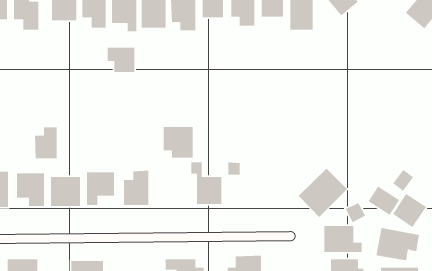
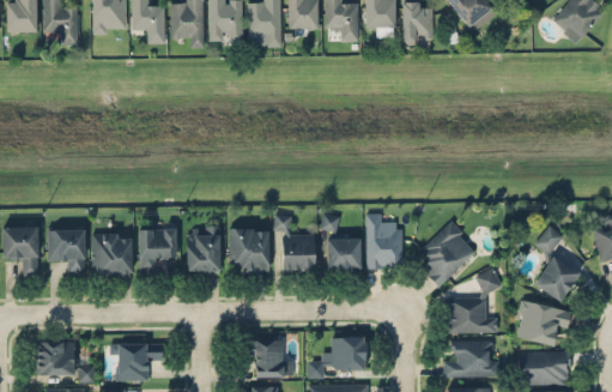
building: [107,47,135,73] -> none
building: [163,126,193,159] -> [230,228,269,270]
building: [34,127,57,159] -> none
building: none -> [366,213,402,267]
building: none -> [327,235,360,270]
building: [368,185,400,216] -> none

